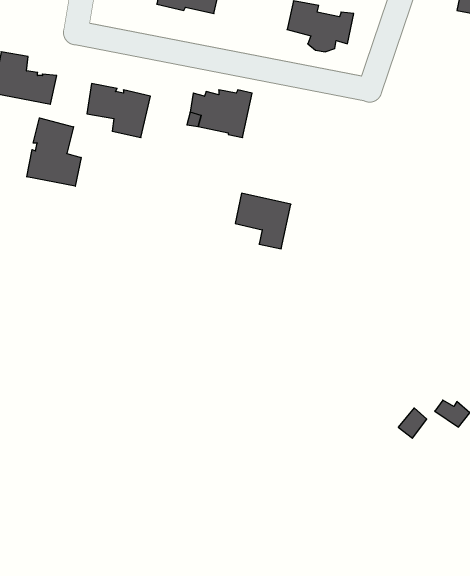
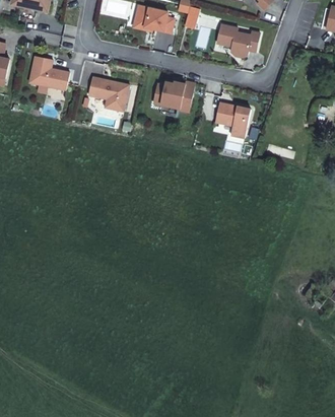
building: [27,118,81,186] -> none
building: [235,193,291,249] -> [215,102,251,138]

